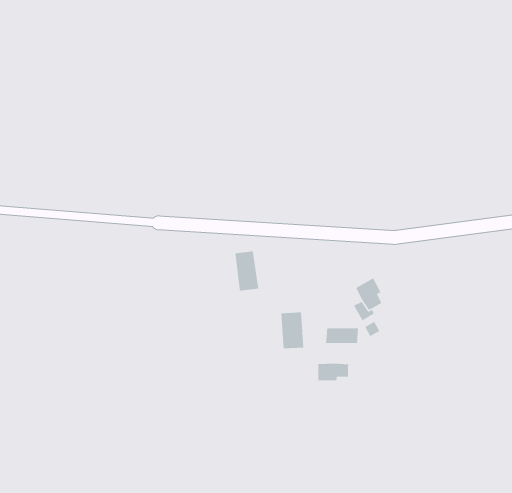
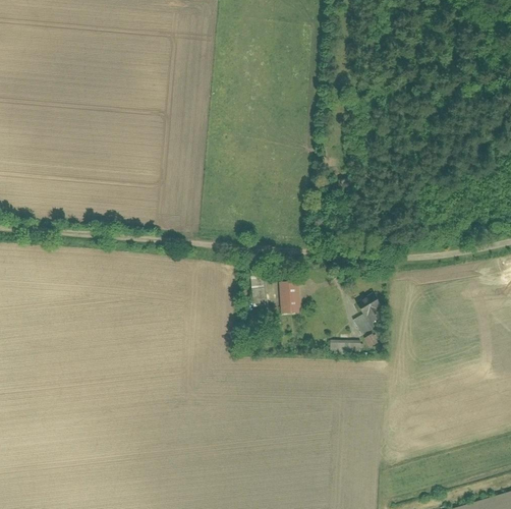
building: [281,312,304,349] -> [279,283,300,317]
building: [318,363,349,381] -> none

